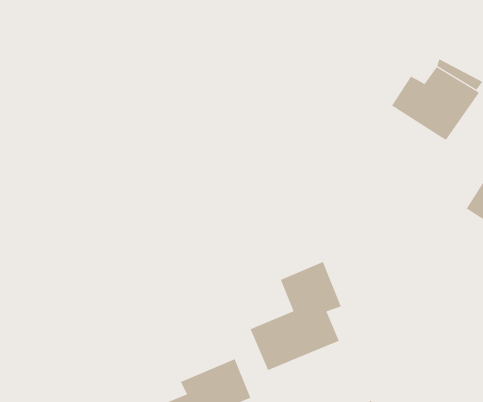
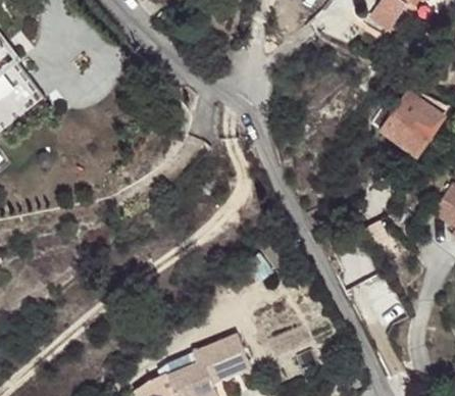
building: [250,261,342,371] -> none

